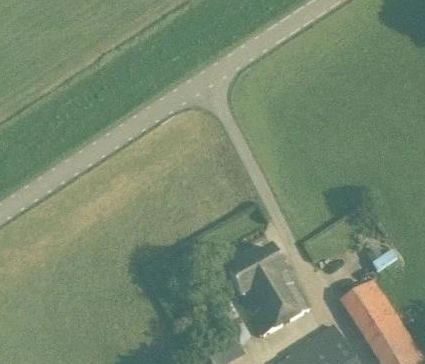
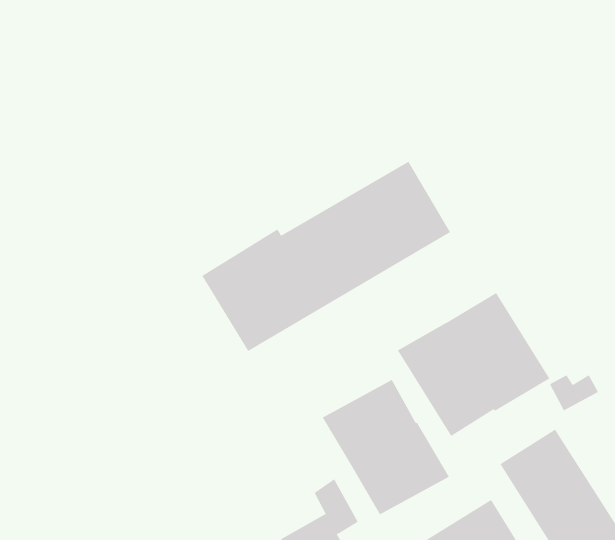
building: none -> [202,161,451,352]
building: none -> [397,292,550,437]

